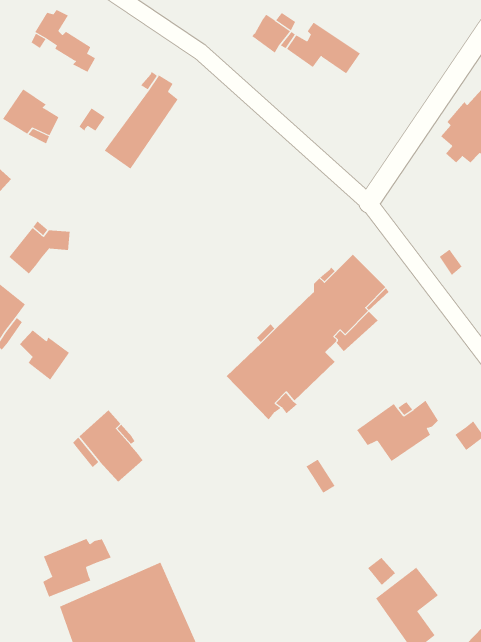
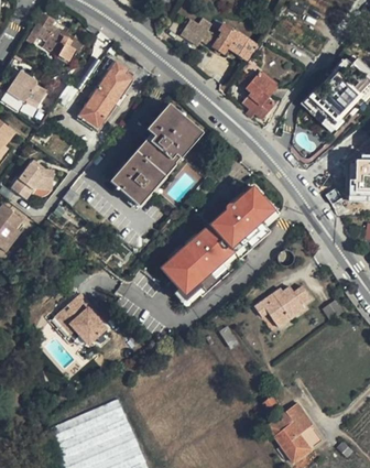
building: none -> [242,72,276,118]
building: none -> [111,107,197,205]
building: [19,330,70,380] -> none
building: [42,538,111,597] -> none

